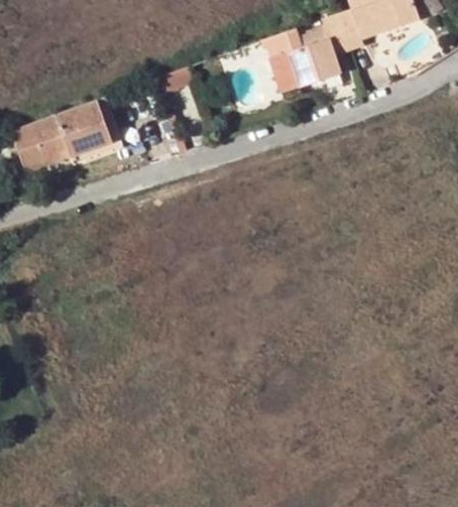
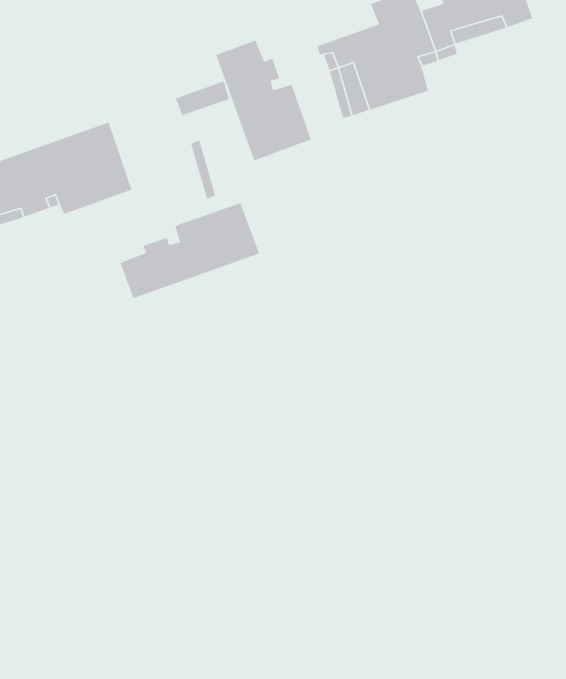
building: none -> [215,39,312,162]
building: none -> [119,202,260,299]

